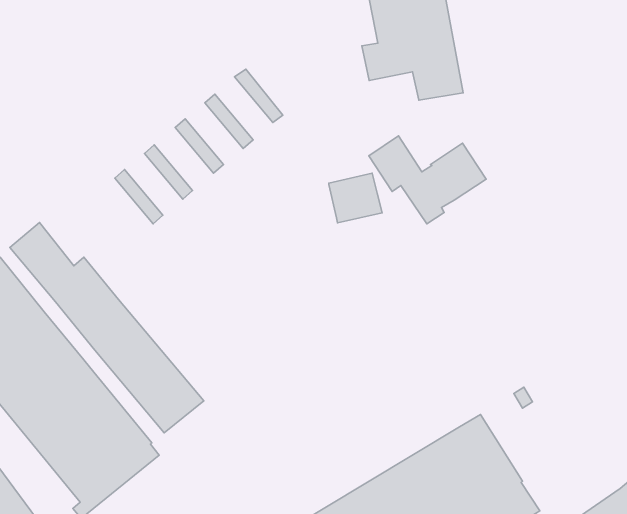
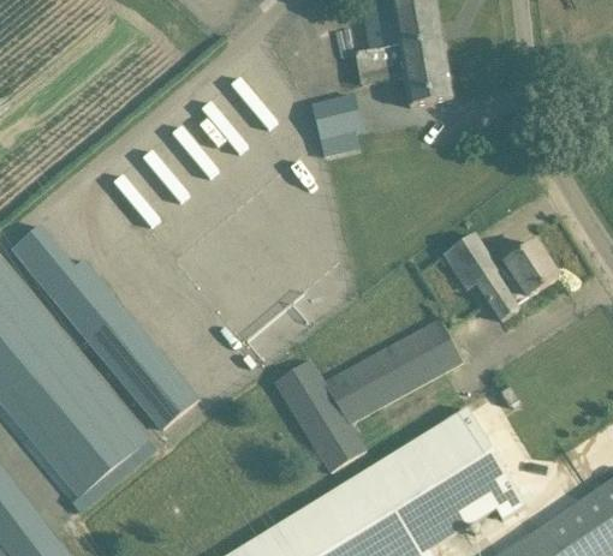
building: [369,136,486,224] -> [445,234,559,319]
building: [329,173,382,223] -> [311,95,363,143]
building: none -> [272,318,463,473]

